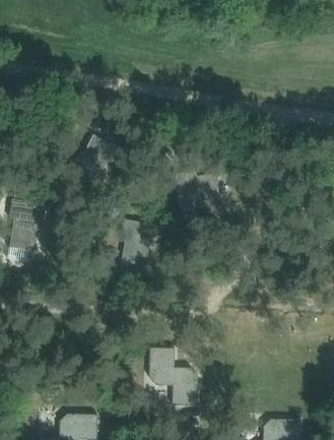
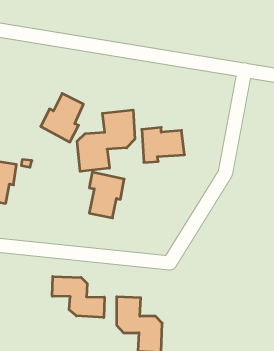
building: none -> [77,110,135,171]
building: none -> [52,276,104,318]

